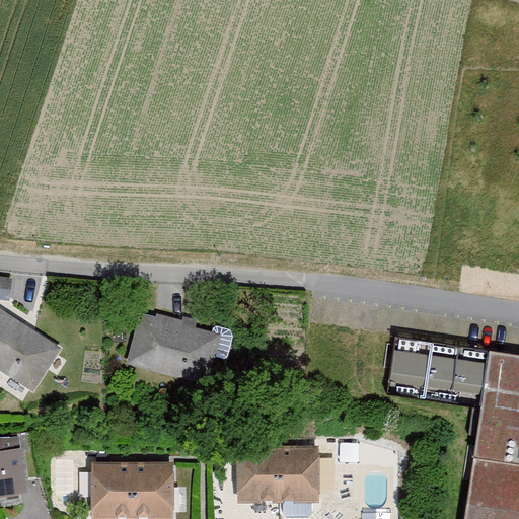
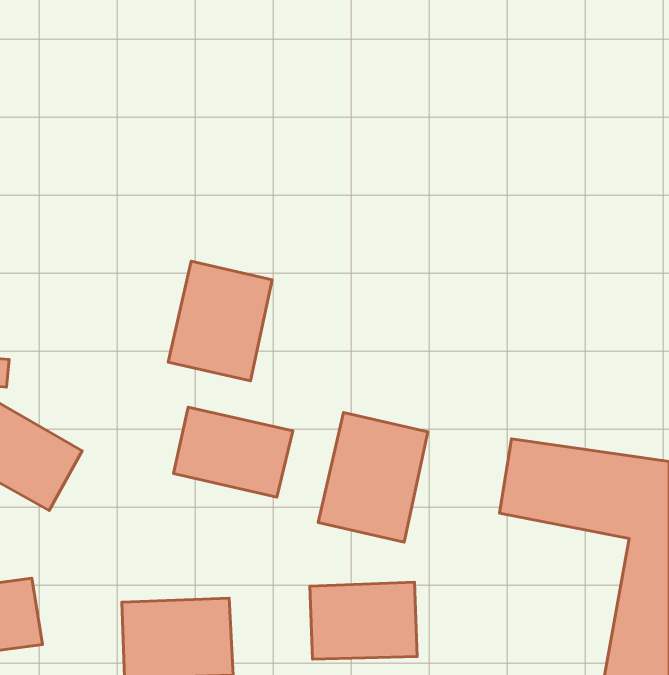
building: none -> [168,261,272,381]
building: none -> [318,413,428,542]

